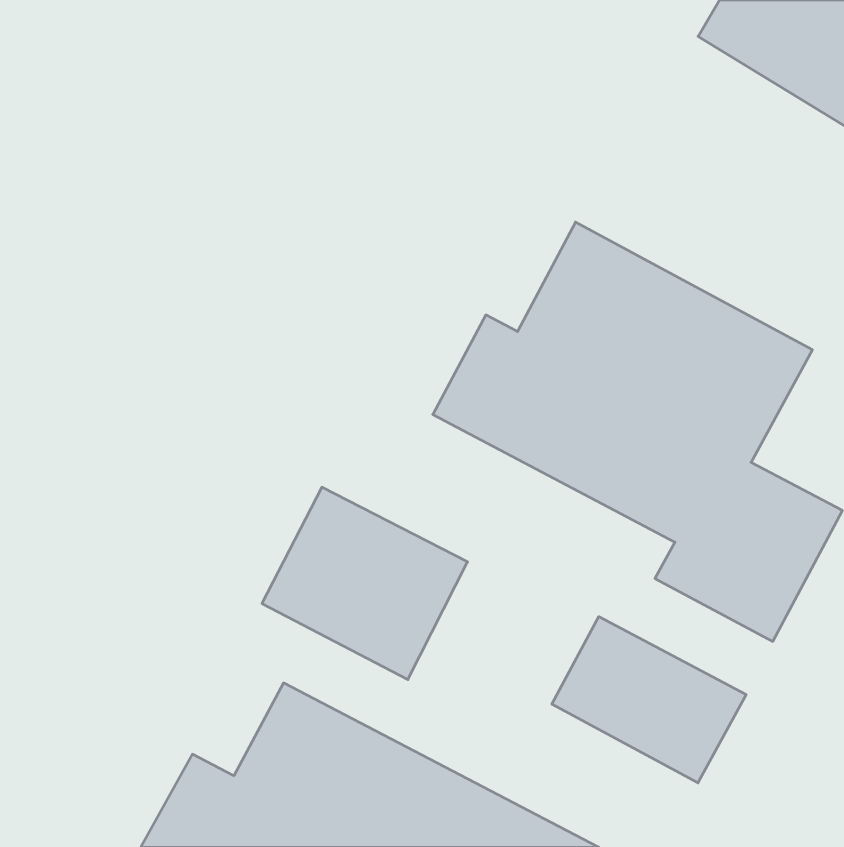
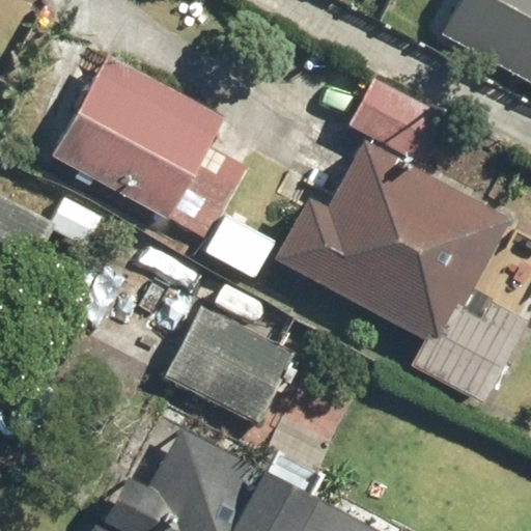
building: none -> [53,56,247,239]
building: [552,617,746,783] -> none

